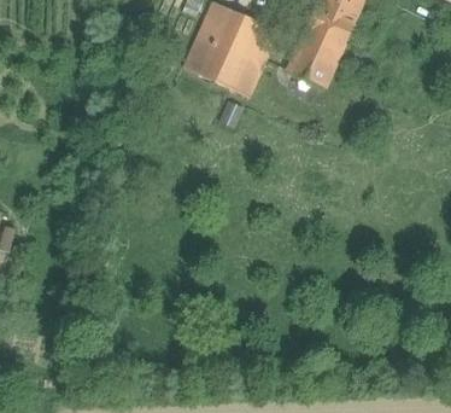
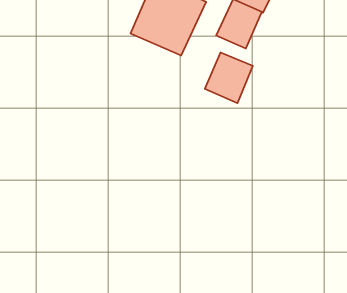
building: none -> [205,52,253,103]

